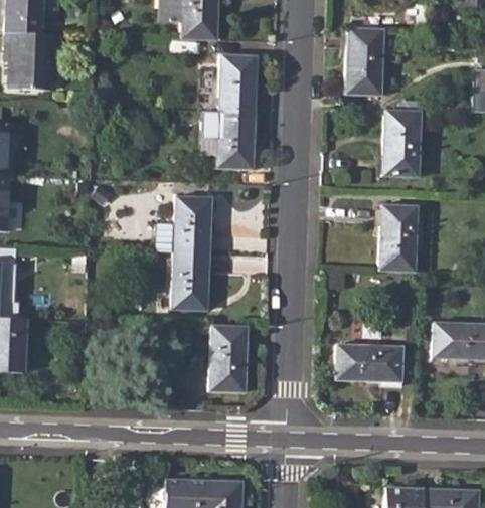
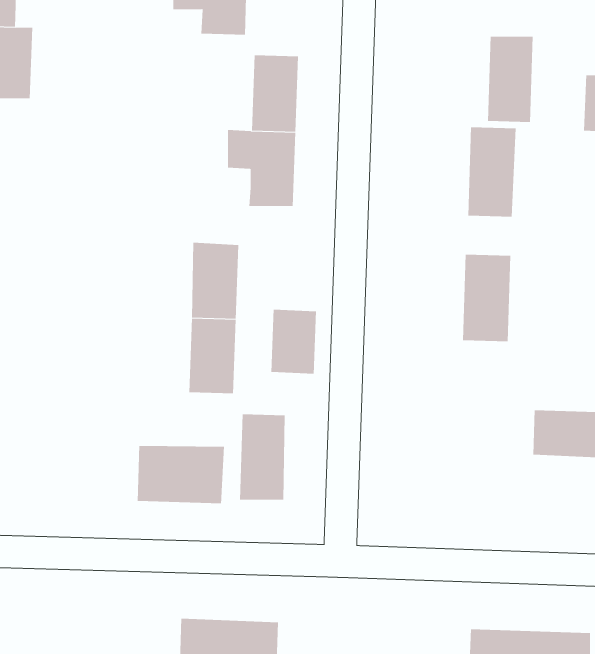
building: [346,27,381,93] -> [487,36,534,123]
building: none -> [271,309,316,374]
building: [336,345,402,381] -> none
building: none -> [137,445,225,504]

